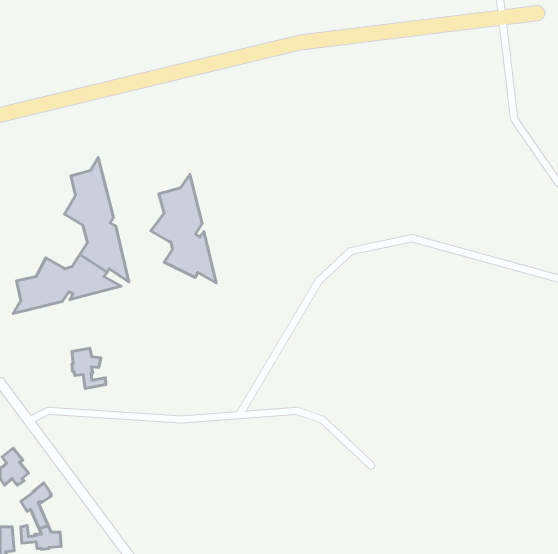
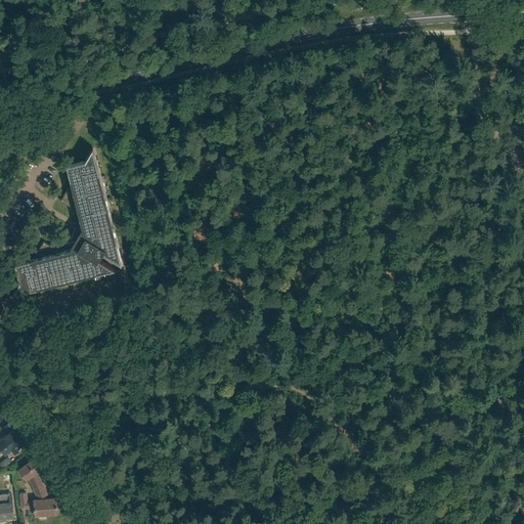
building: [151,175,216,283] -> none
building: [72,348,106,389] -> none

